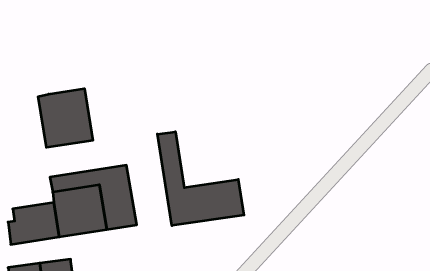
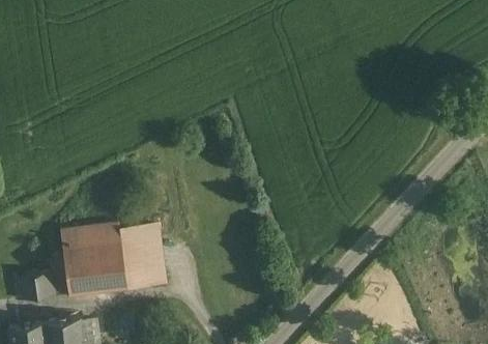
building: [38,89,93,147] -> none
building: [157,132,244,226] -> none

